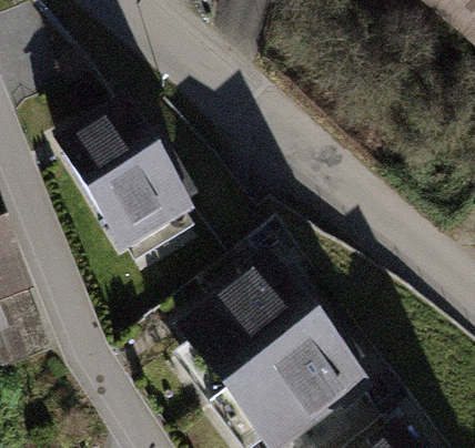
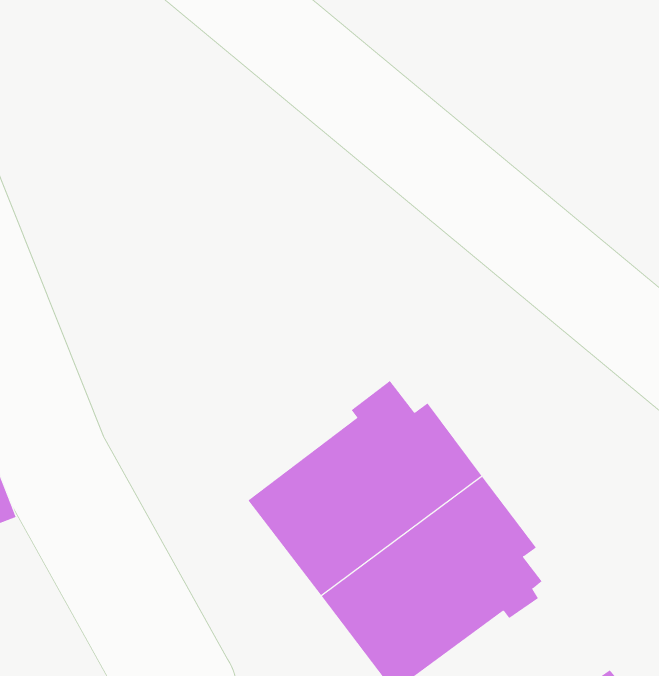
building: [65,111,193,246] -> none

